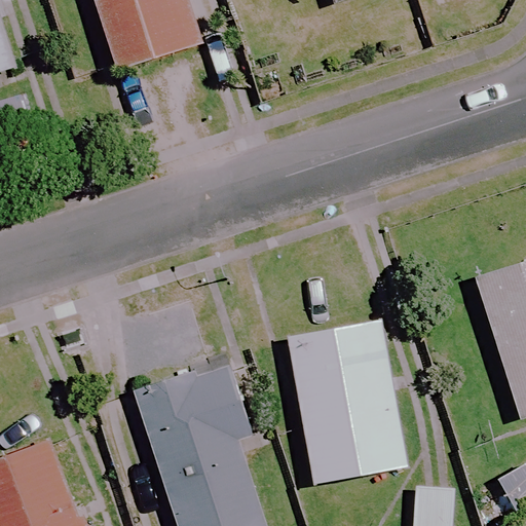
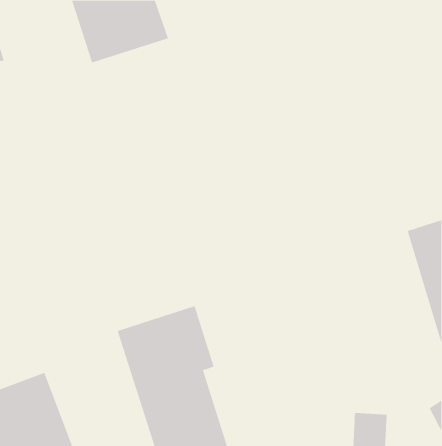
building: [288,318,409,481] -> none

